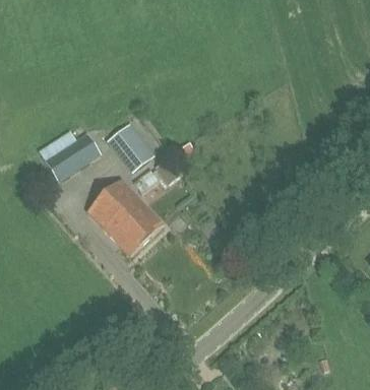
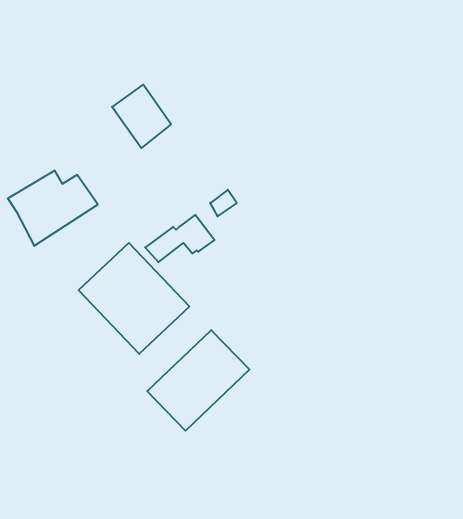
building: [109,130,149,174] -> [112,85,171,148]
building: none -> [147,330,249,431]

